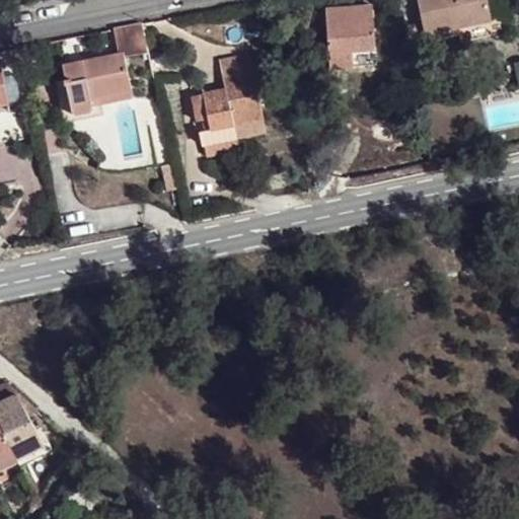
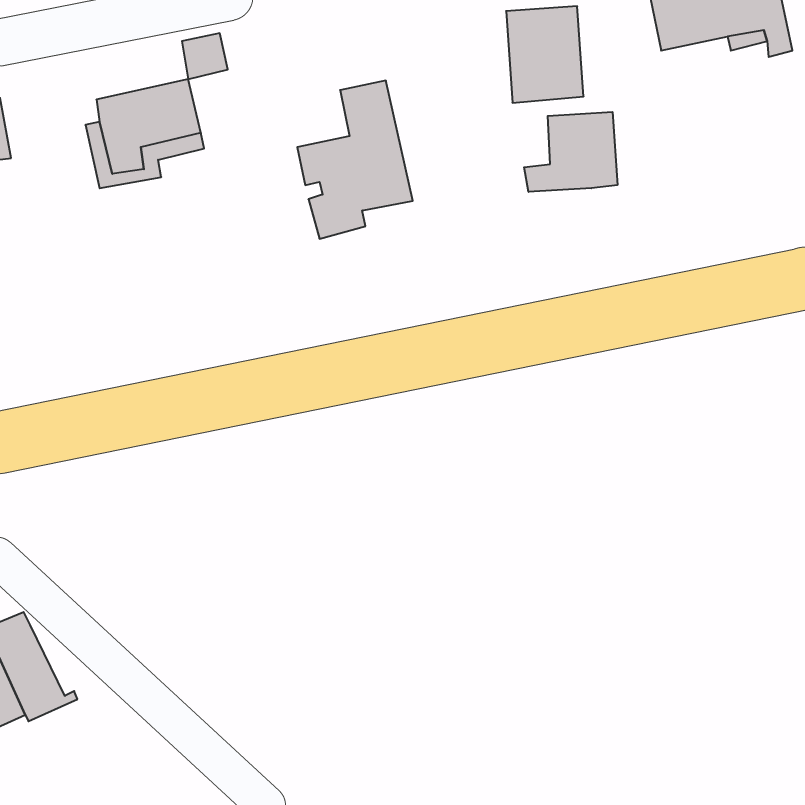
building: none -> [524,112,617,192]

